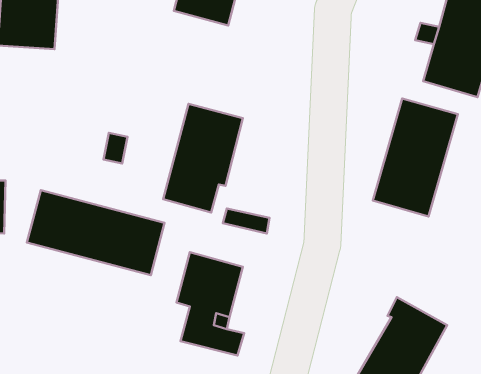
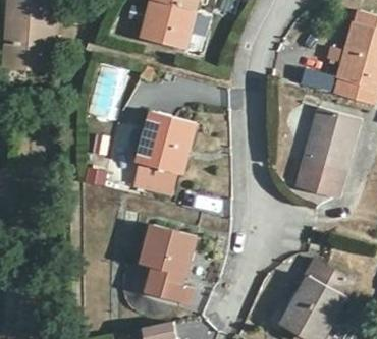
building: [27,190,165,275] -> none

